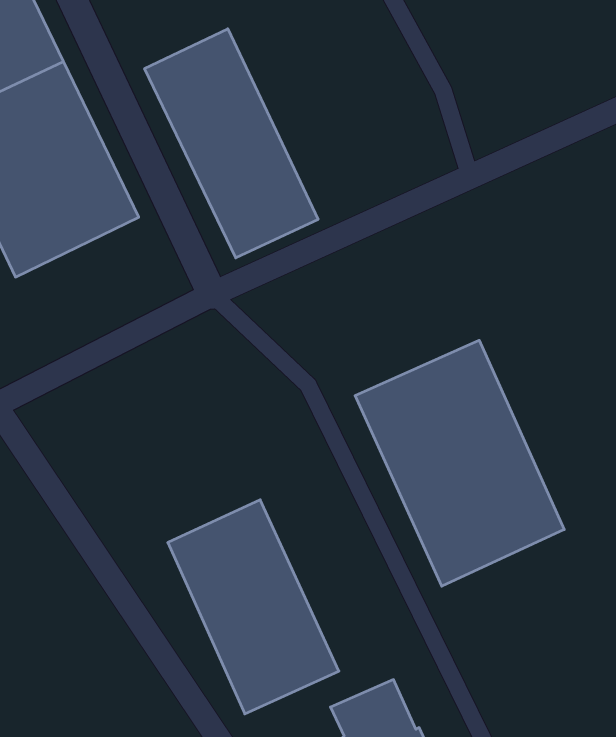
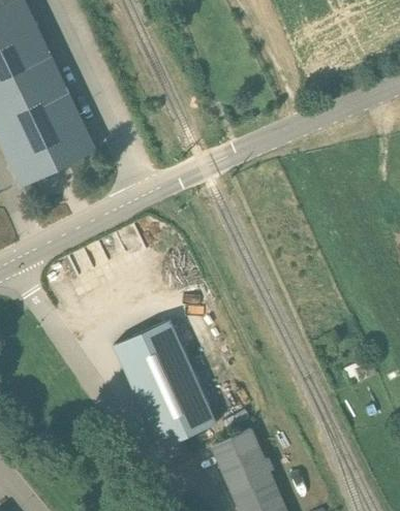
building: [145,29,318,258] -> none
building: [355,340,564,586] -> none

